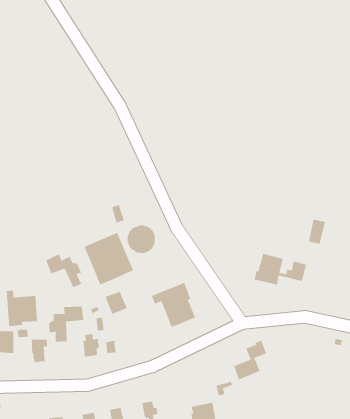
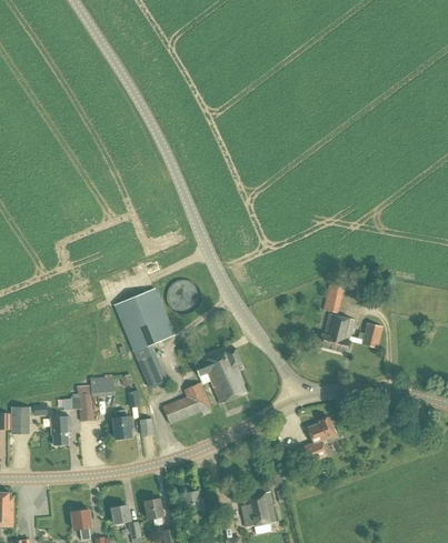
building: [308,219,326,245] -> [322,282,344,313]
building: [45,253,82,288] -> none
building: [6,290,38,327] -> none
building: none -> [162,382,211,423]

